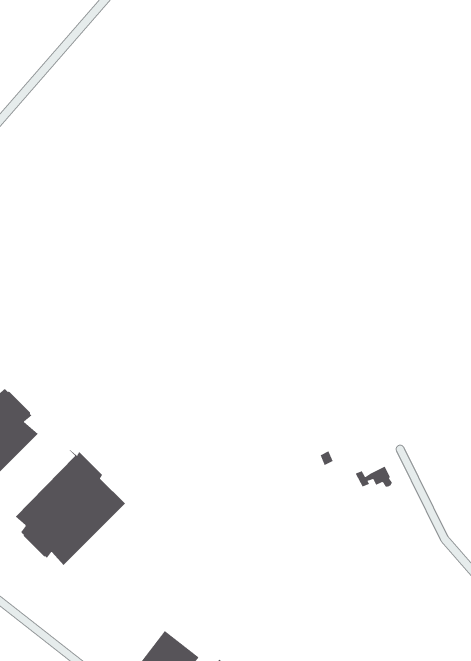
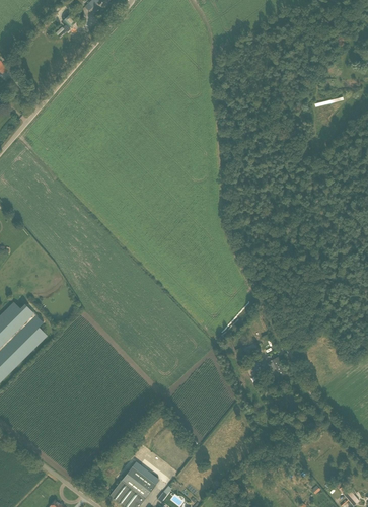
building: [15,449,126,566] -> none

